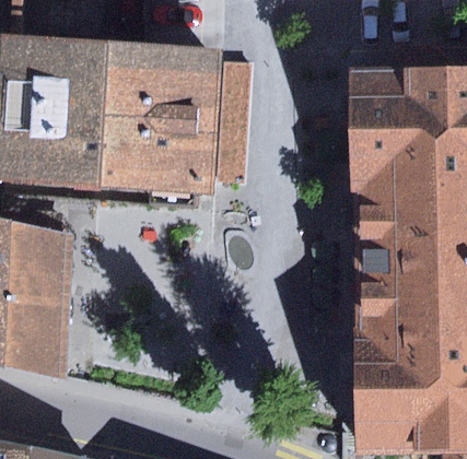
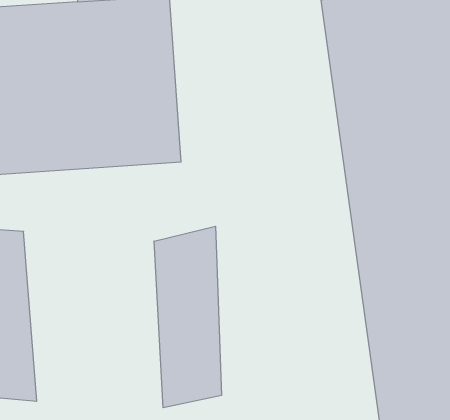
building: none -> [154,226,221,408]

